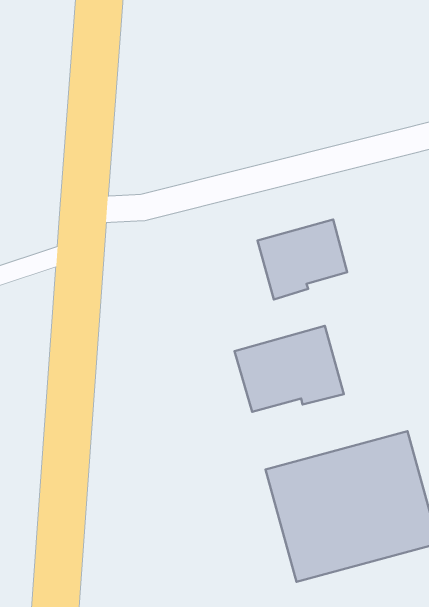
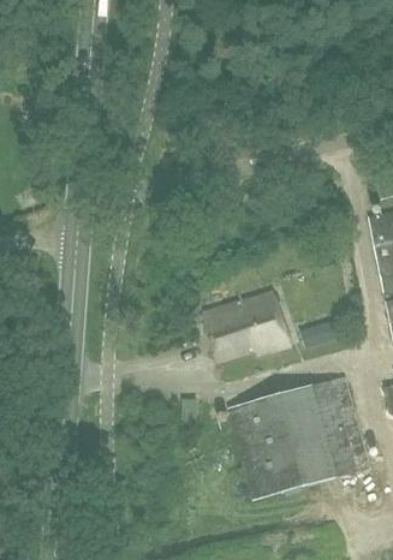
building: [258,219,347,299] -> none

